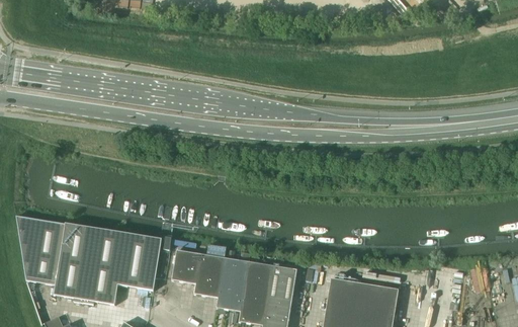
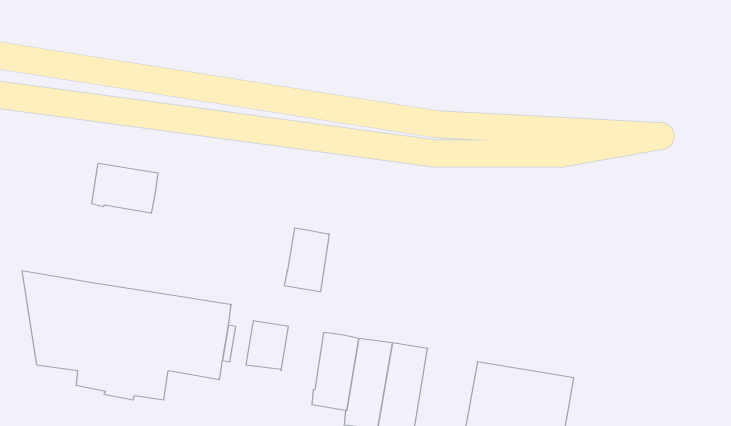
building: none -> [92,163,158,213]
building: [193,254,225,298] -> [284,228,330,291]

